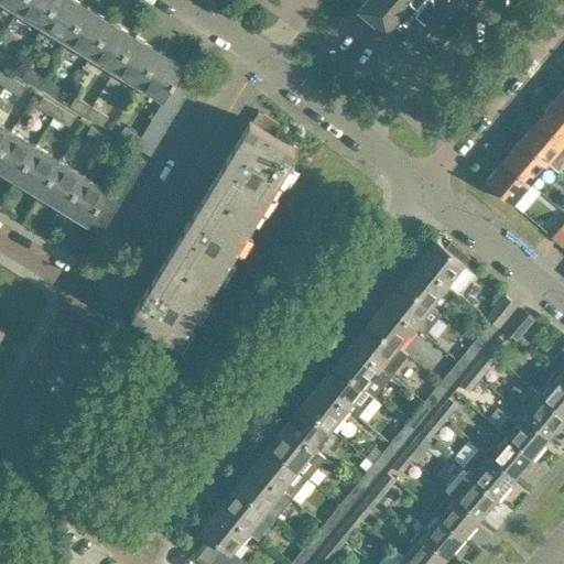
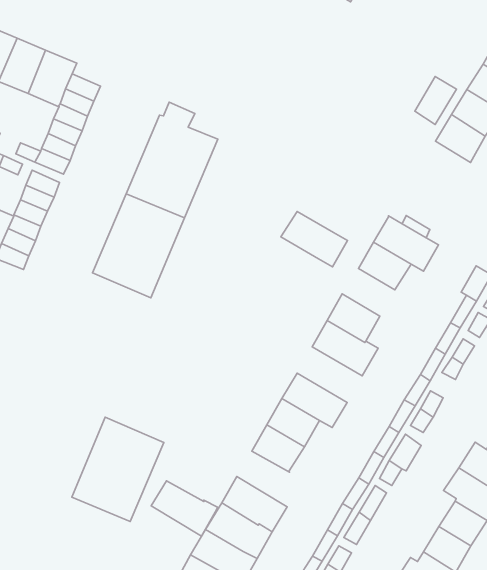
building: none -> [415,76,456,125]
building: [130,252,217,346] -> [72,417,164,521]
building: [383,284,441,337] -> [281,211,347,267]
building: [334,346,390,399] -> none
building: [268,429,325,481] -> [151,481,217,536]

